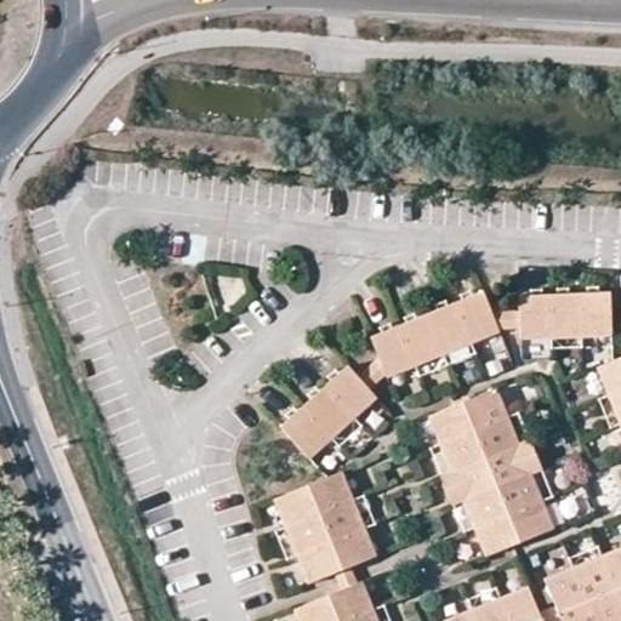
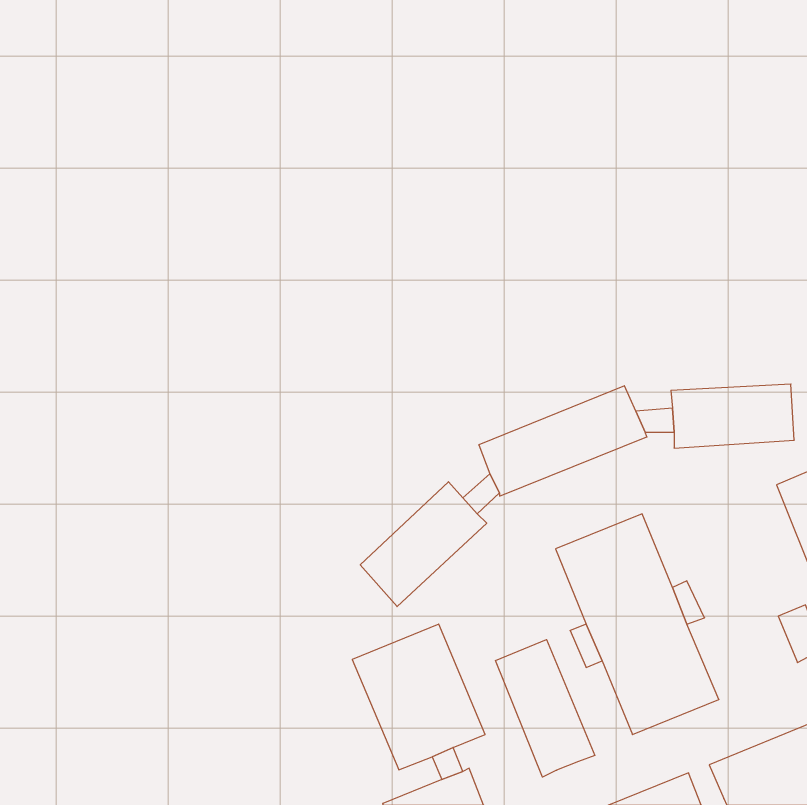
building: none -> [496,640,595,777]

